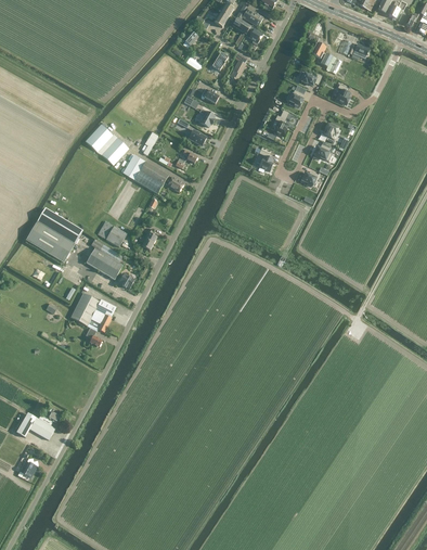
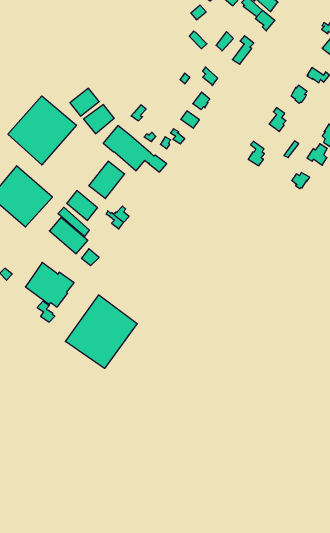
building: none -> [8,96,76,165]
building: none -> [89,161,125,199]
building: none -> [65,295,137,368]

